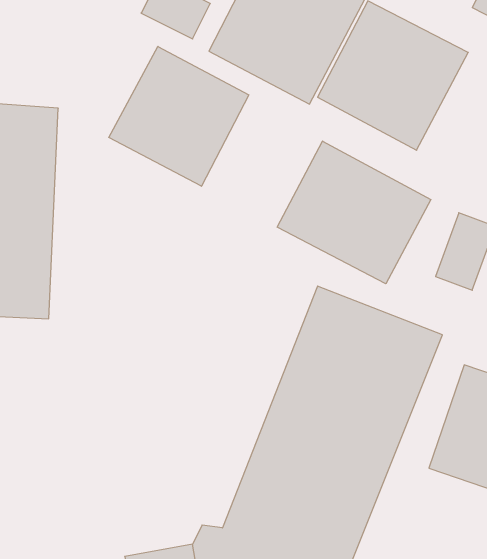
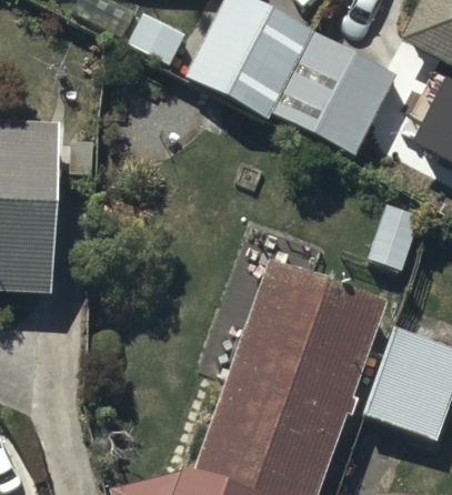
building: [109,46,249,186] -> none
building: [277,141,431,284] -> none

